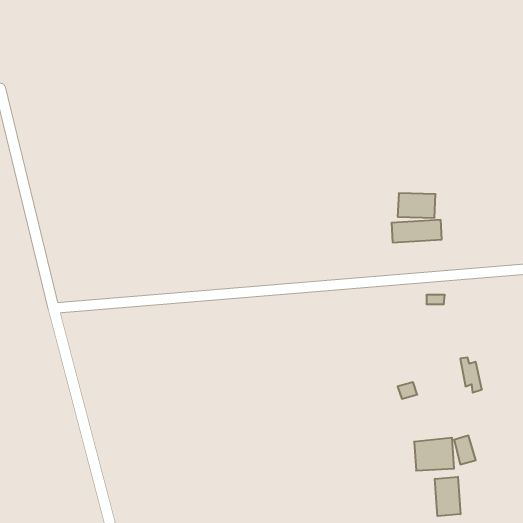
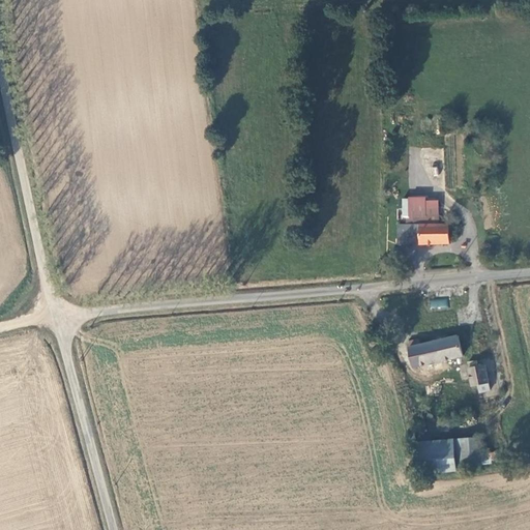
building: none -> [409,333,472,369]
building: [435,477,460,516] -> none

